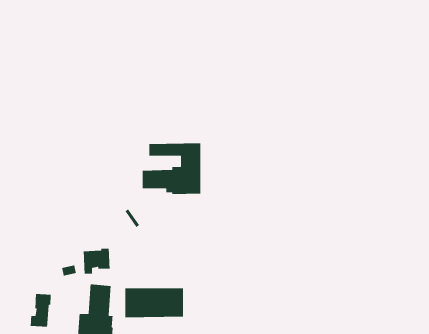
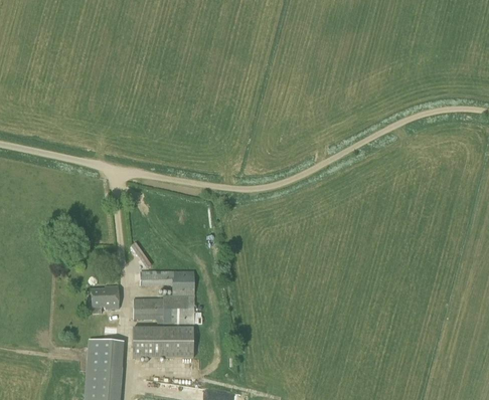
building: [142,143,201,195] -> [134,271,194,325]
building: [30,293,52,328] -> none

